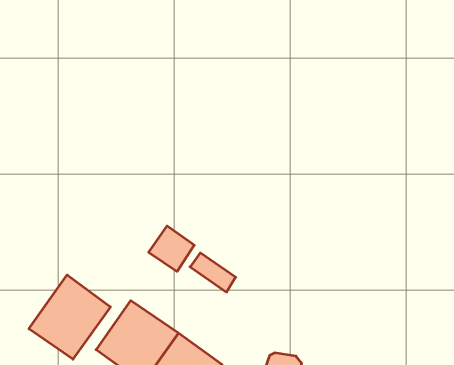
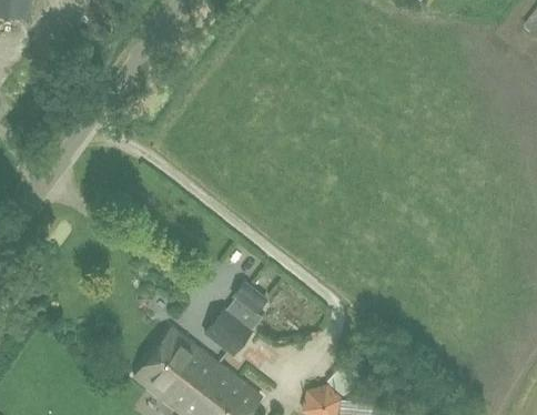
building: [149,226,194,271] -> [205,310,252,356]
building: [29,275,110,359] -> none

